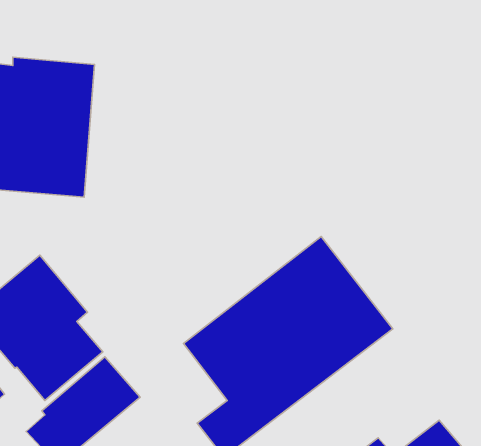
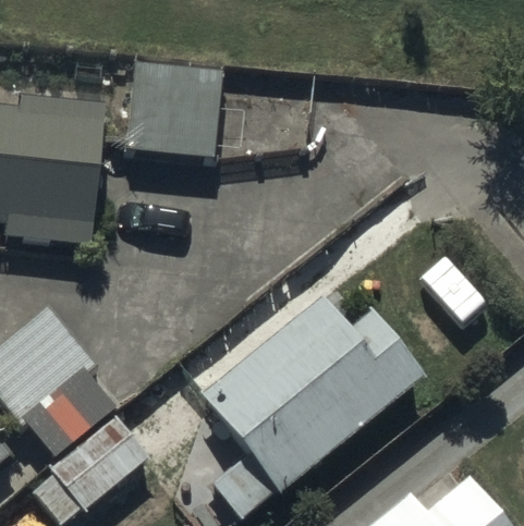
building: none -> [125,60,220,159]

